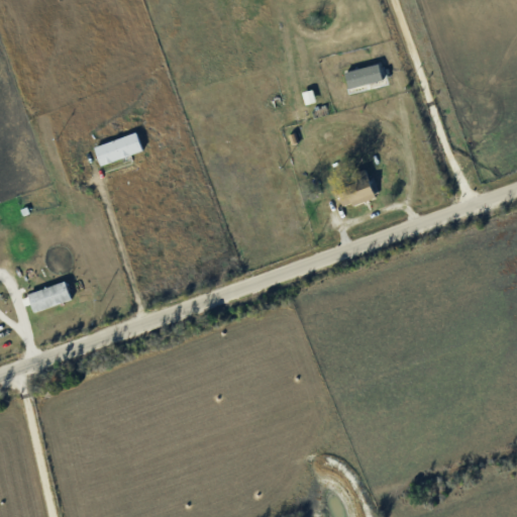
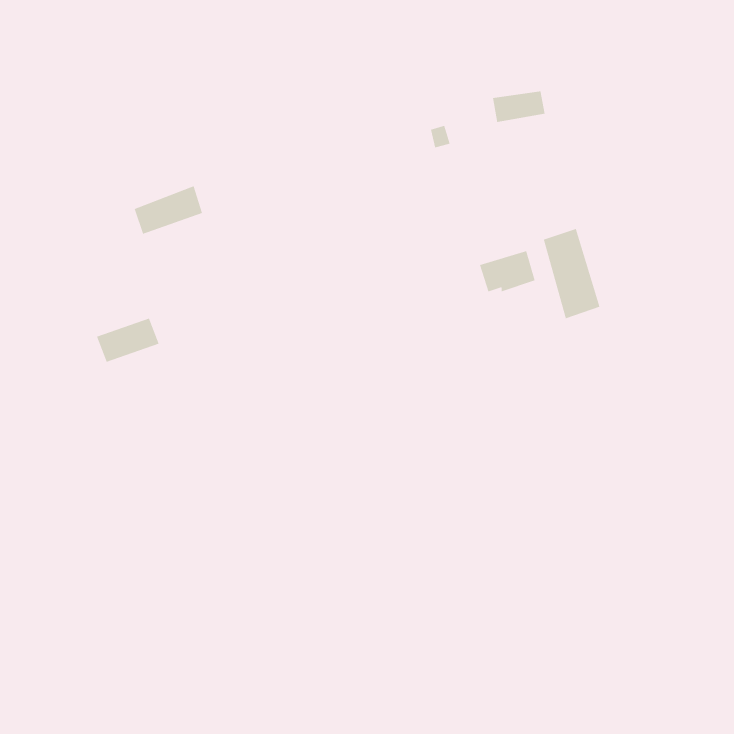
building: none -> [543,228,600,319]
building: [27,281,72,312] -> [96,318,159,362]

